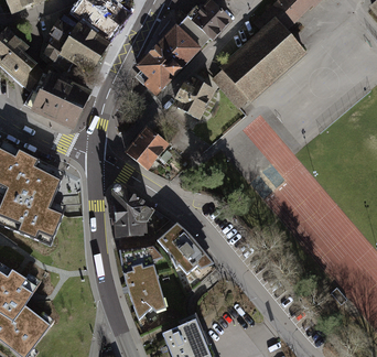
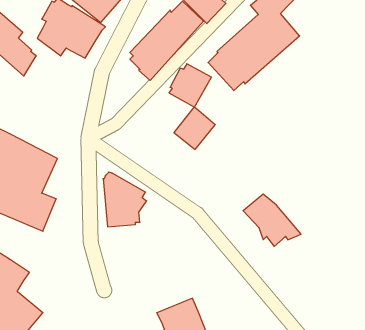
building: [24,71,94,129] -> none
building: [127,126,168,167] -> [174,107,215,149]
building: [155,224,213,275] -> [243,194,301,246]
building: [119,244,164,314] -> none

